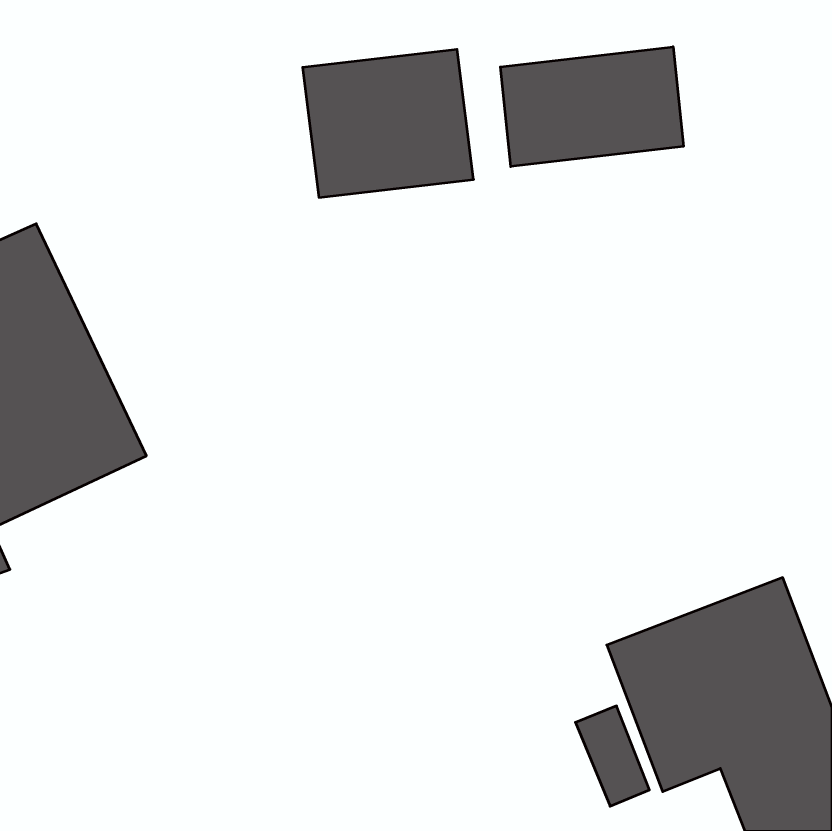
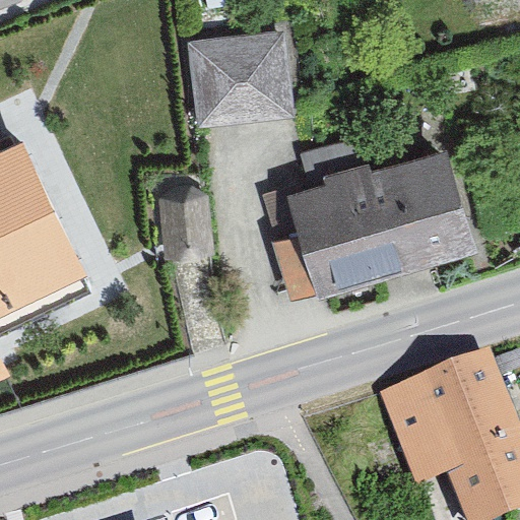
building: [500,47,683,167] -> none
building: none -> [276,144,481,301]

